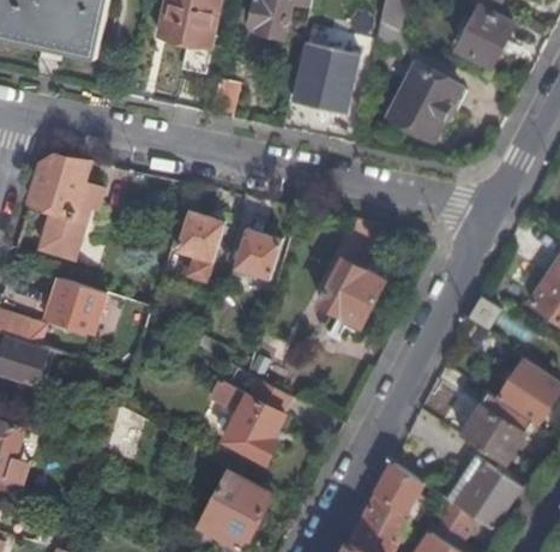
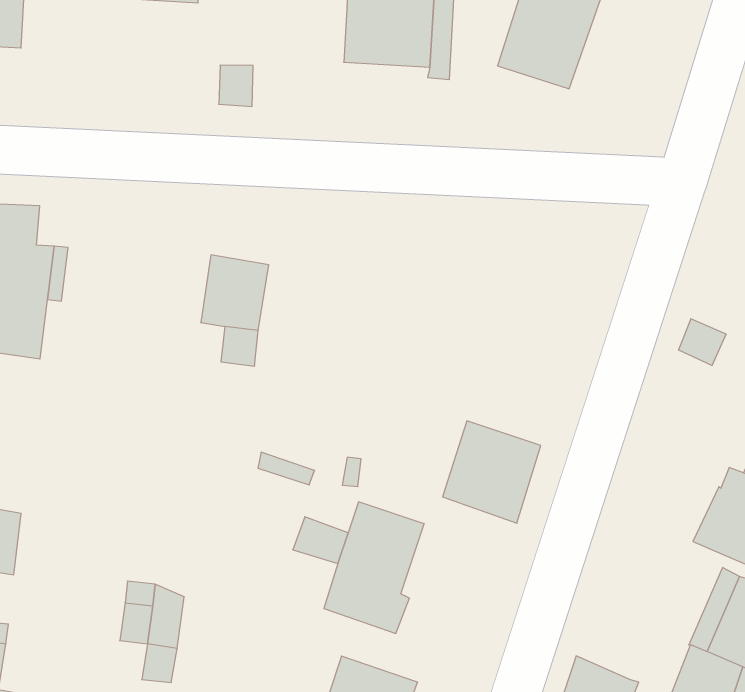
building: [234,228,281,278] -> none
building: [318,258,384,326] -> [443,421,541,523]
building: [46,277,106,335] -> none
building: [374,463,429,515] -> none

